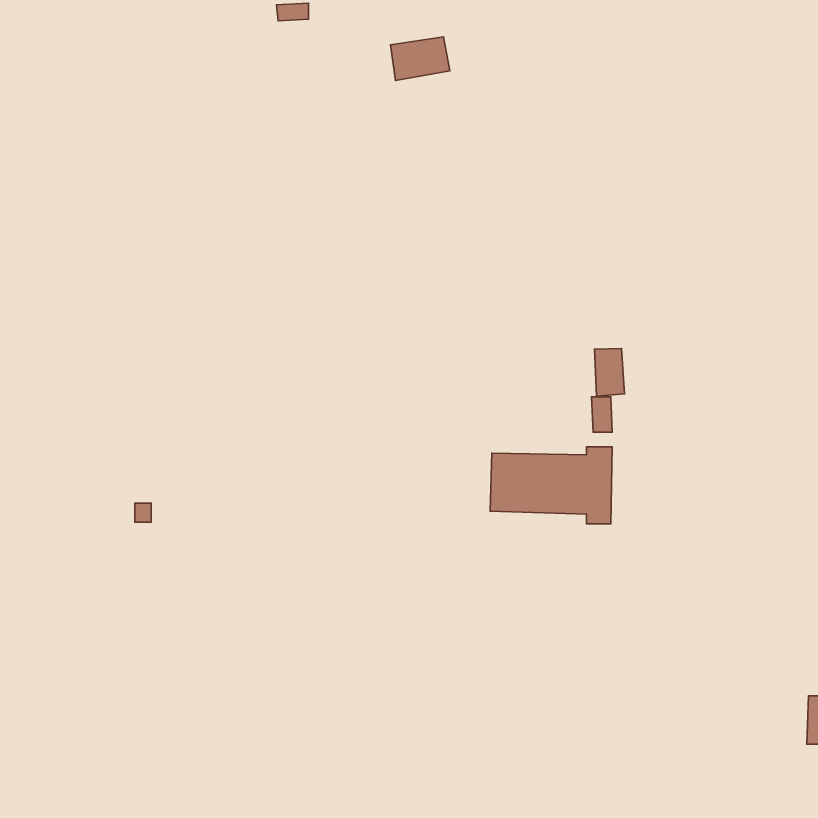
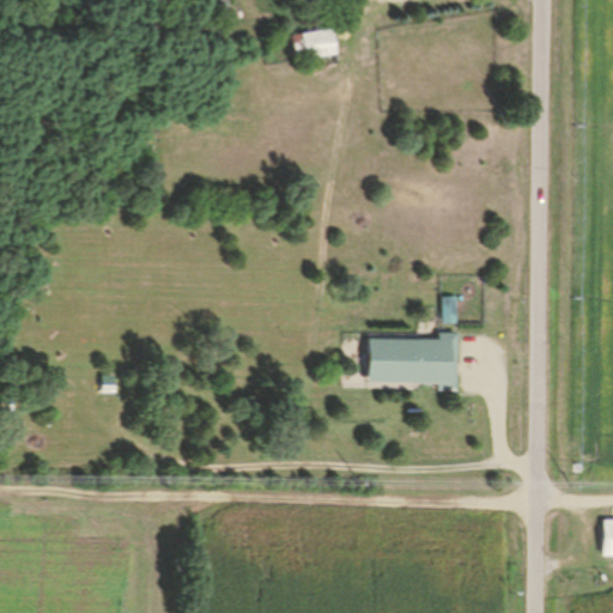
building: [594,348,624,396] -> none

